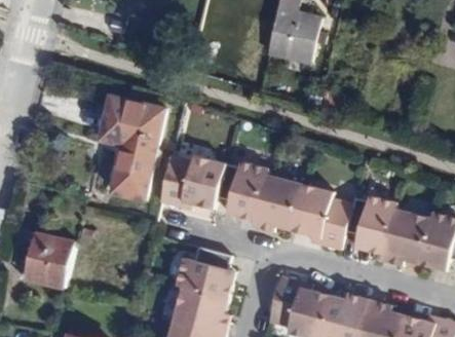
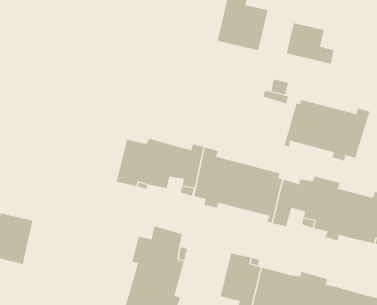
building: none -> [286,23,334,65]
building: [101,96,164,198] -> none
building: none -> [284,99,370,162]

